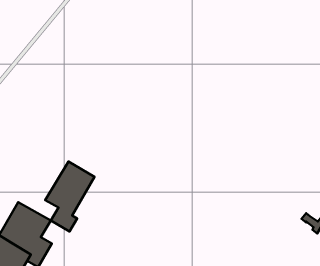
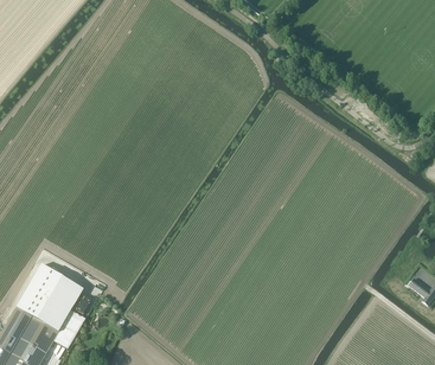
building: [45,162,94,232] -> none

